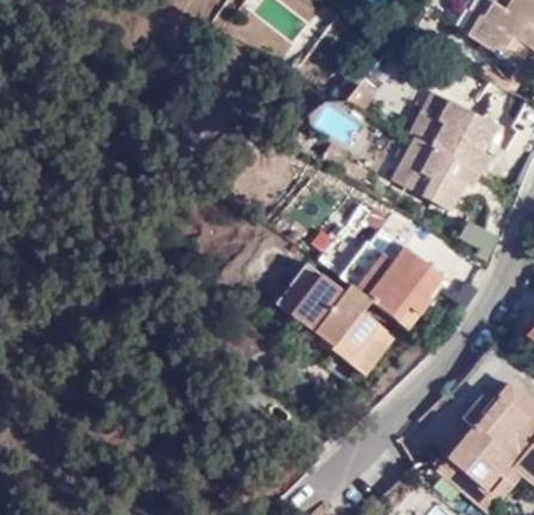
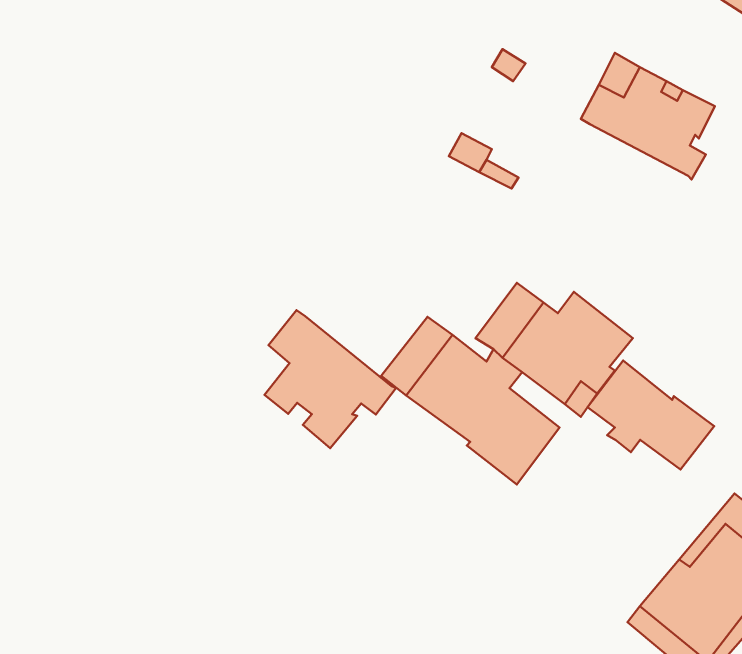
building: [390,135,479,210] -> none
building: none -> [264,310,396,448]
building: none -> [588,360,714,470]

